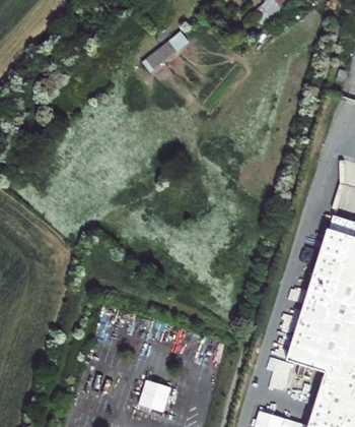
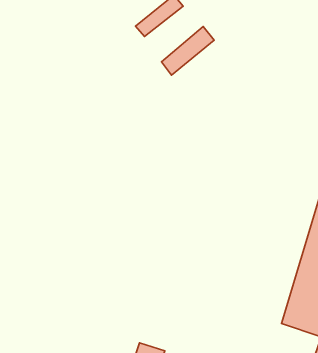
building: none -> [161,26,214,75]

